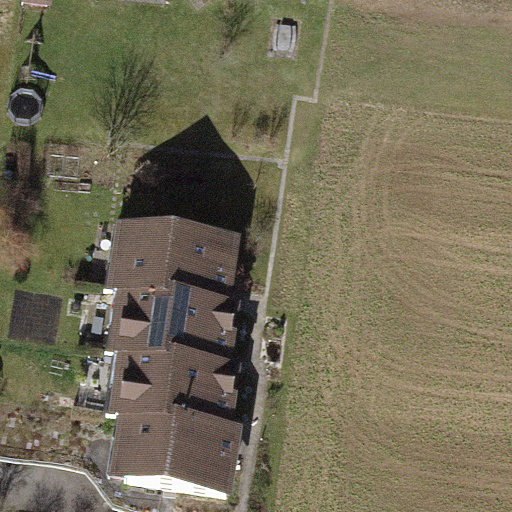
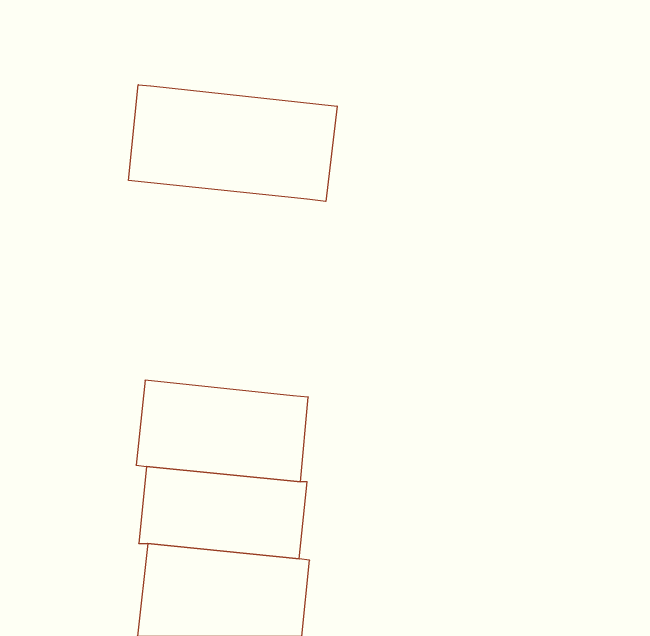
building: none -> [129,85,337,201]
building: [105,233,234,308] -> none

